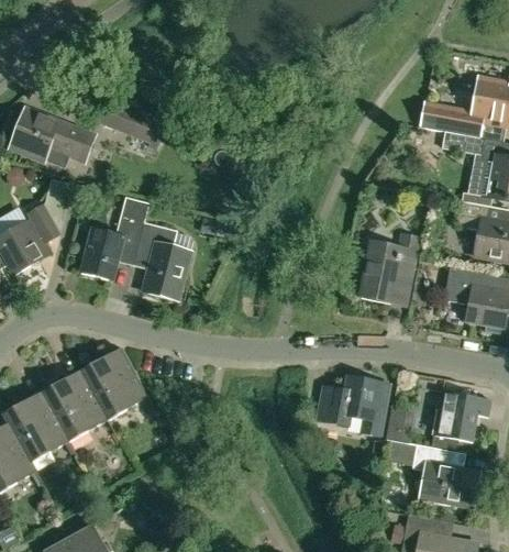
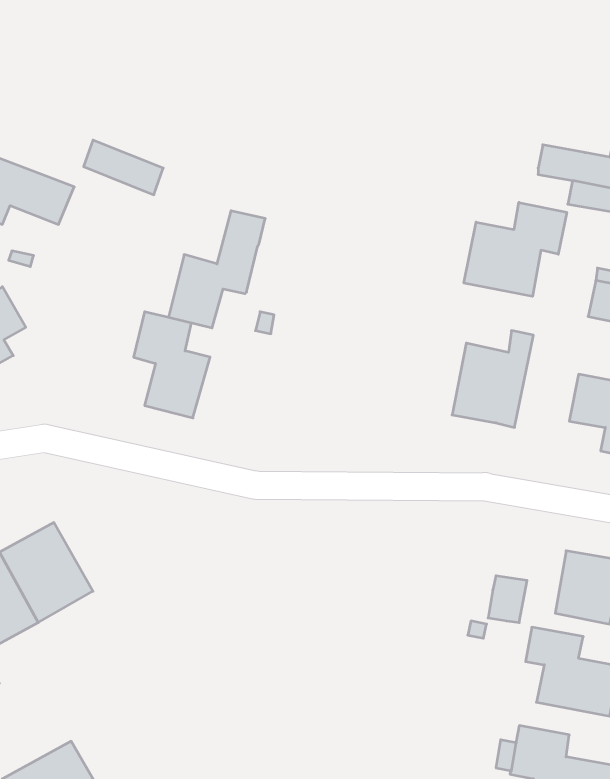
building: none -> [464,202,567,296]
building: [81,197,150,279] -> [168,211,265,328]
building: [80,349,146,419] -> none
building: [318,375,389,435] -> none

